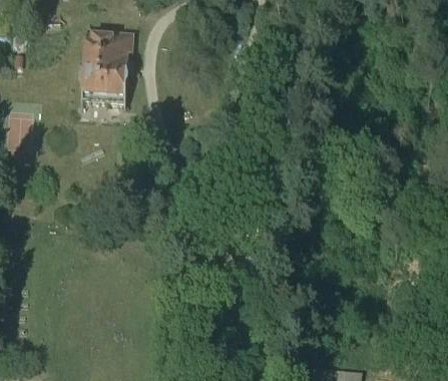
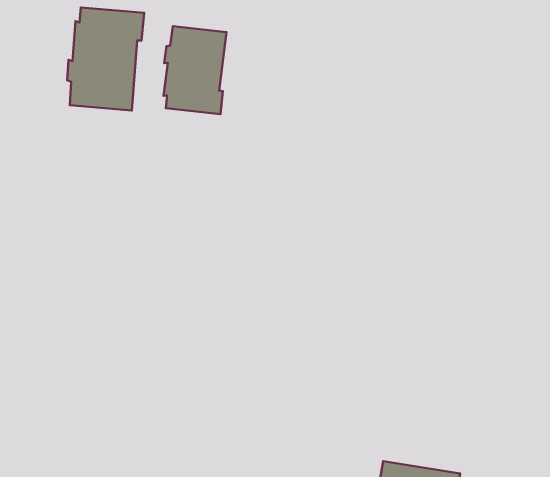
building: none -> [163,26,226,114]

